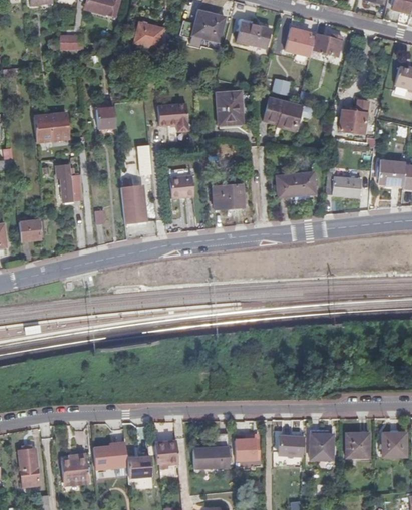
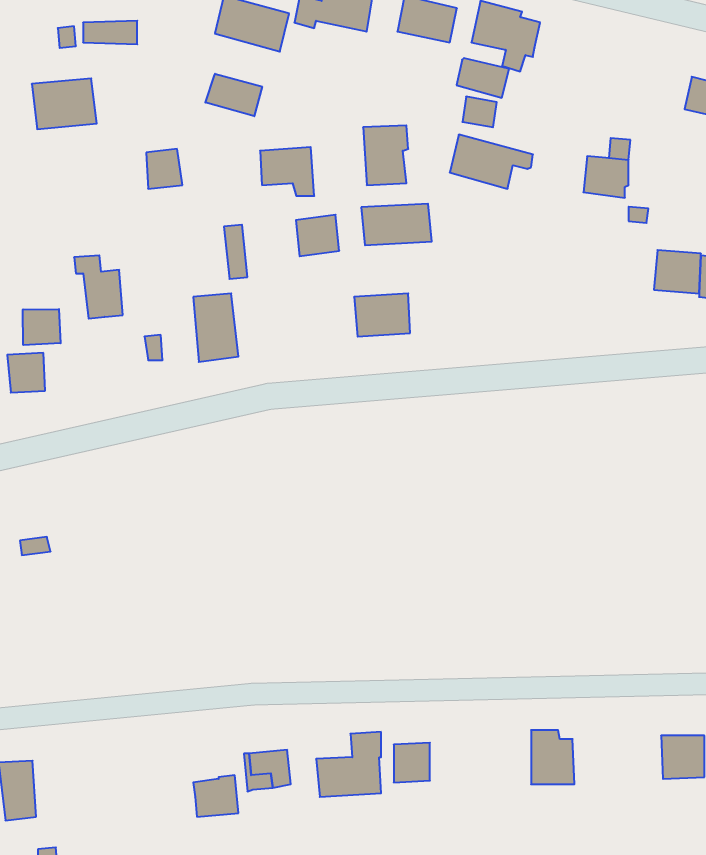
building: [313,35,342,57] -> [457,58,509,98]
building: none -> [205,74,262,116]
building: [34,111,70,139] -> [32,78,97,129]
building: [326,171,361,198] -> none
building: [171,176,195,199] -> [296,215,339,256]
building: [276,177,315,200] -> [361,204,432,245]
building: none -> [23,309,61,345]
building: [348,432,371,456] -> none
building: [280,435,305,454] -> none
building: [91,441,124,469] -> none
building: [56,456,83,486] -> none

